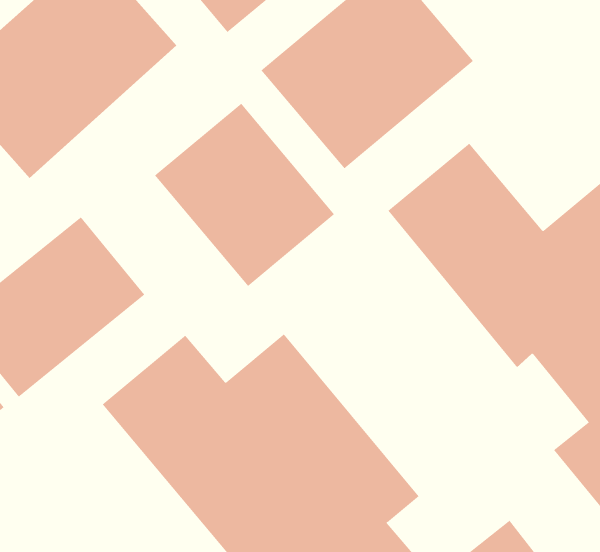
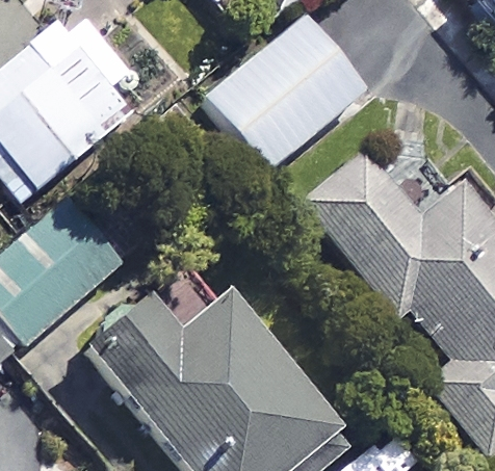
building: [154,103,335,287] -> none

